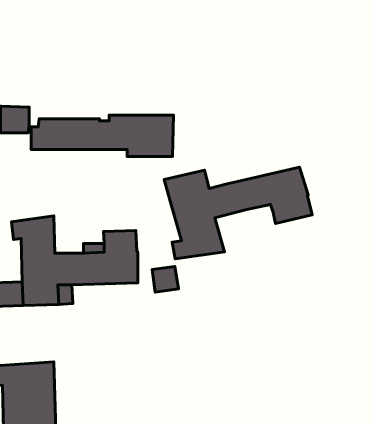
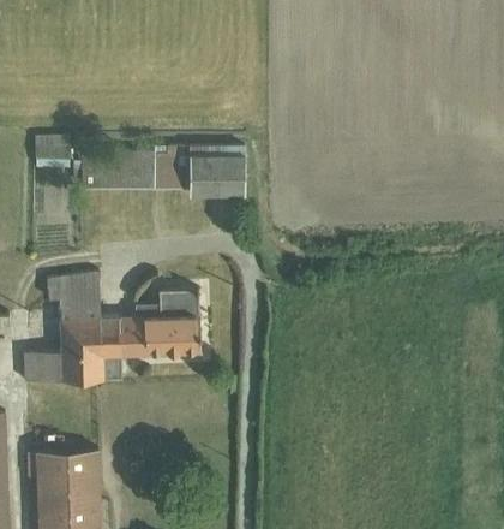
building: [164,167,312,259] -> none
building: [152,266,178,292] -> none

